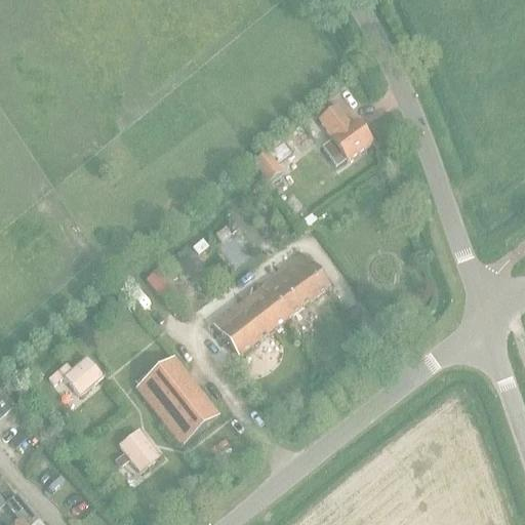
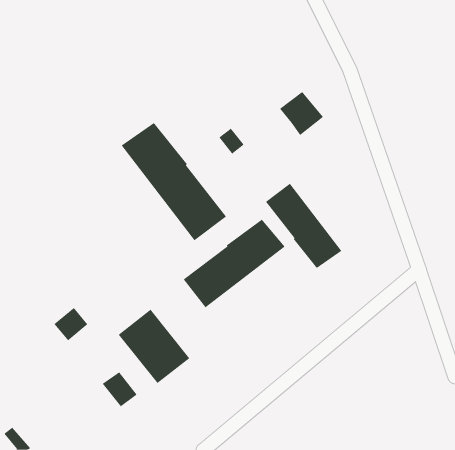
building: none -> [121,122,227,241]
building: none -> [265,183,342,269]

